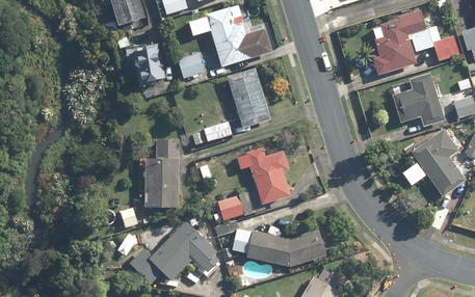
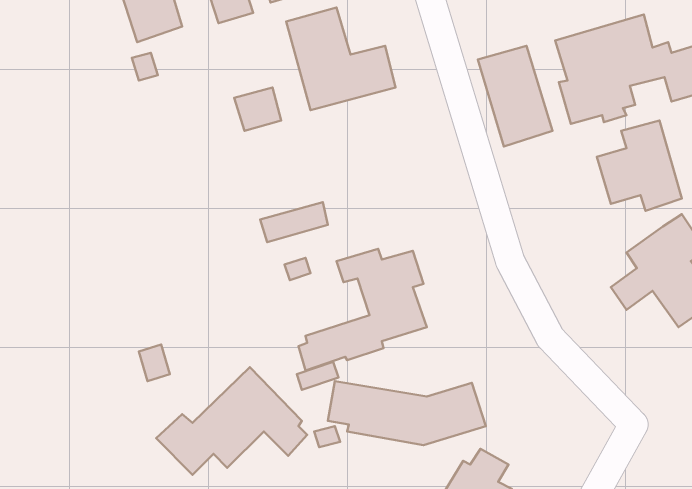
building: [133,46,164,82] -> none
building: [226,69,270,129] -> [478,46,552,147]
building: [143,139,180,208] -> none

